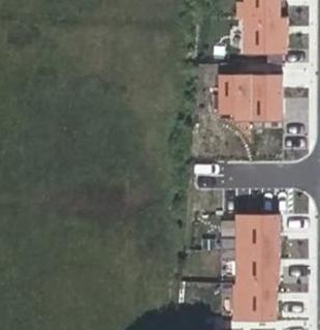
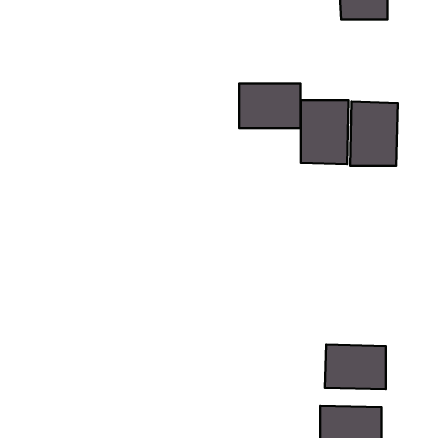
building: [246,19,288,50] -> [239,83,300,128]
building: [235,212,278,242] -> none

